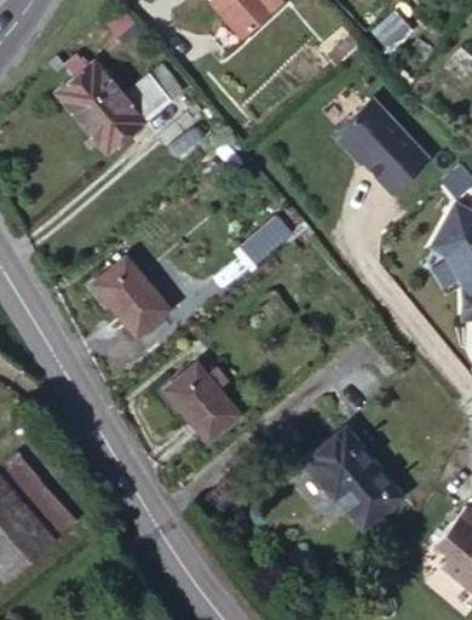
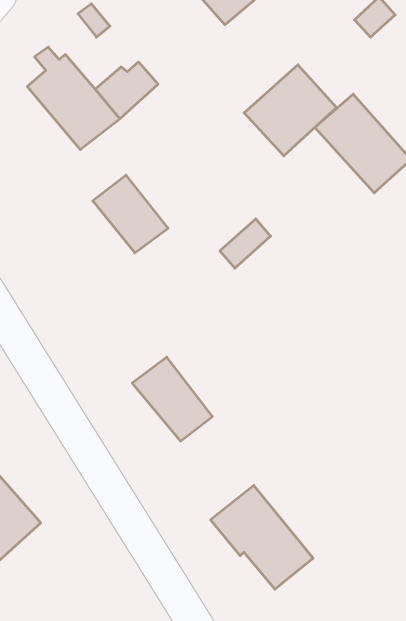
building: none -> [244,65,336,156]
building: [88,256,162,332] -> [93,175,168,253]
building: [303,427,403,529] -> [211,485,313,589]

